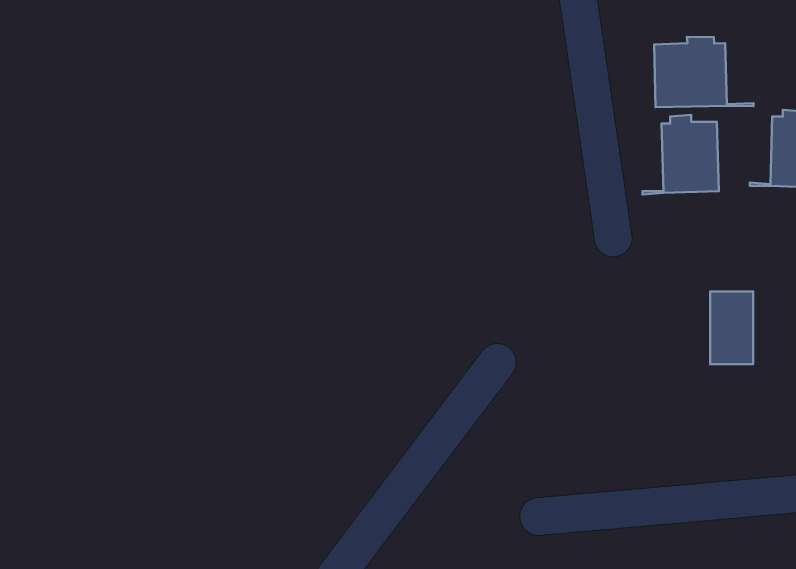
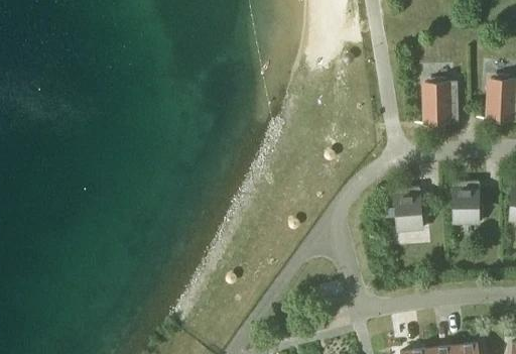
building: [654,37,754,107] -> none
building: none -> [393,188,422,231]

